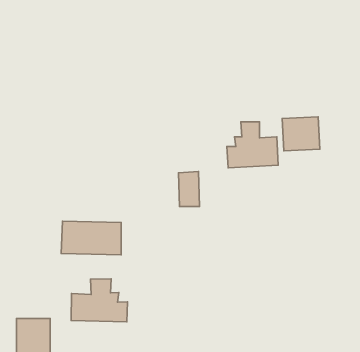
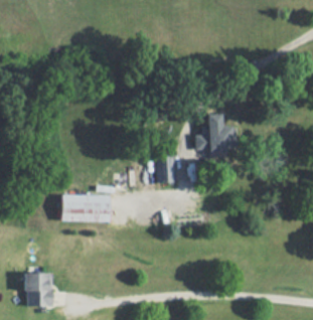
building: [282,117,320,151] -> none
building: [71,279,127,322] -> none

